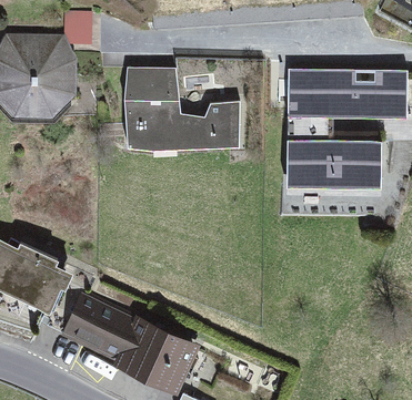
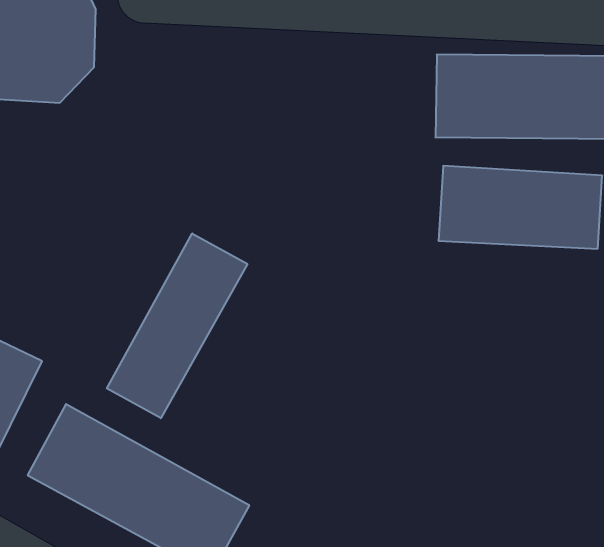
building: [128,81,239,142] -> none
building: none -> [107,233,247,418]

